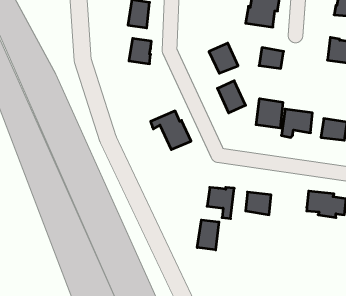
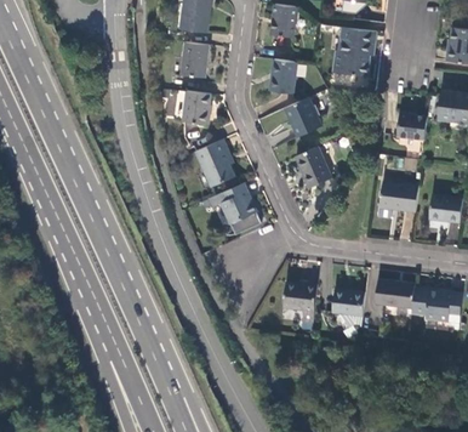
building: none -> [270,59,297,92]
building: [259,48,284,68] -> [396,113,428,140]
building: none -> [195,140,234,186]
building: [256,99,283,128] -> none
building: none -> [375,279,415,308]
building: [197,220,219,250] -> none

